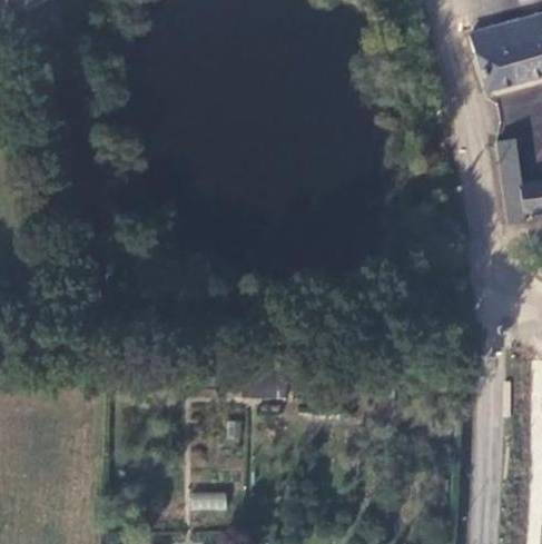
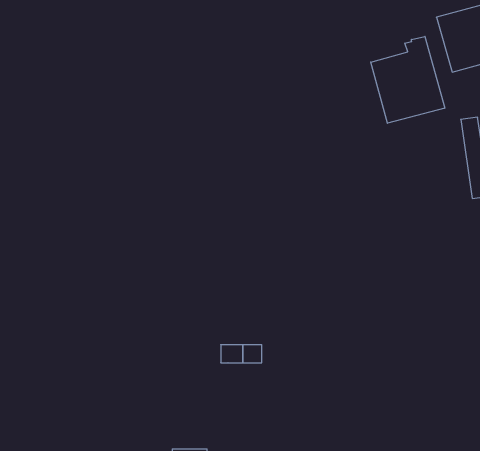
building: none -> [371,36,445,123]

